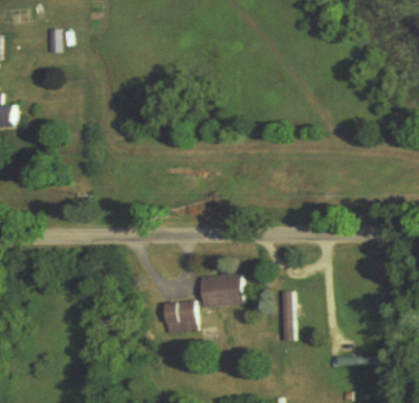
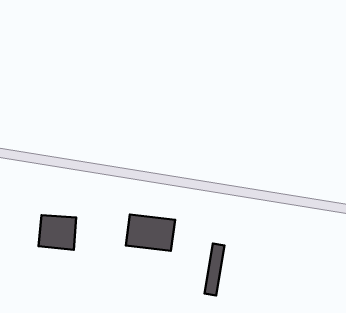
building: [163,301,199,334] -> [38,215,76,250]

